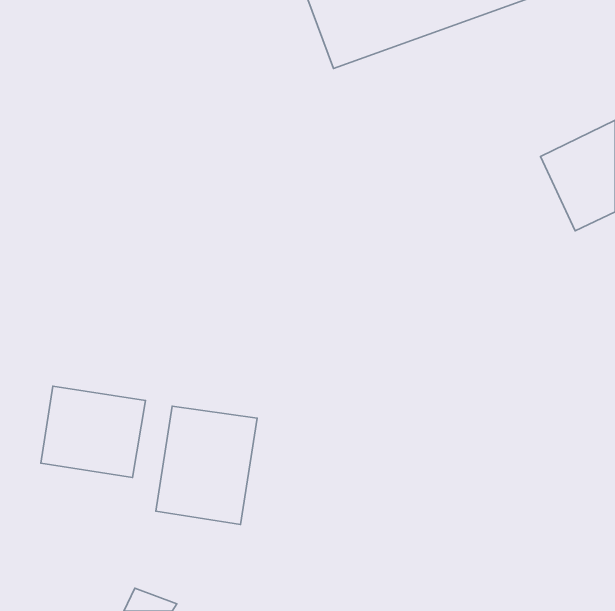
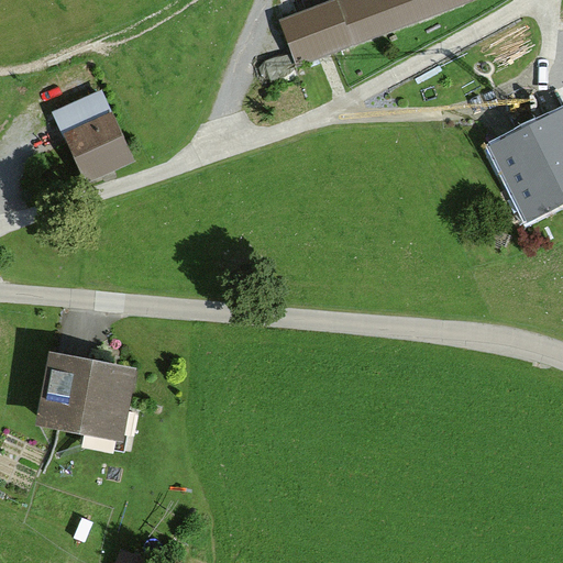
building: none -> [54,93,129,180]
building: [156,406,257,524] -> none

